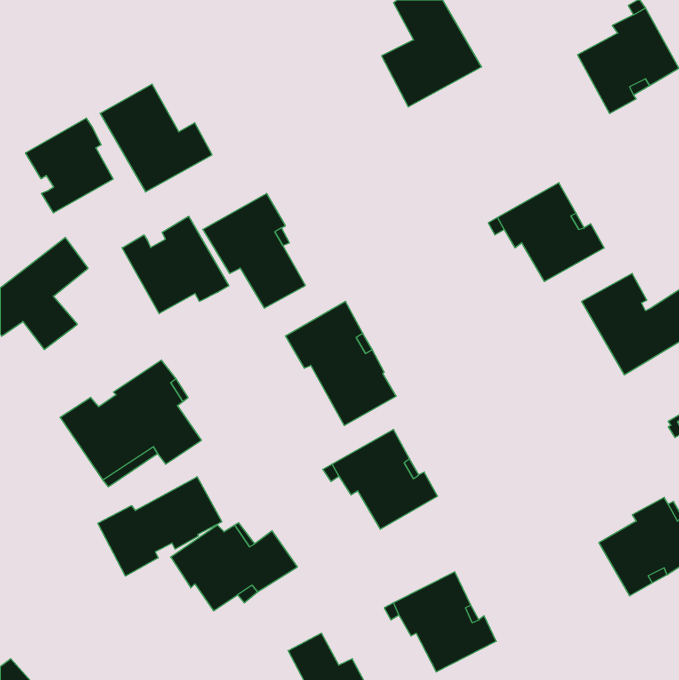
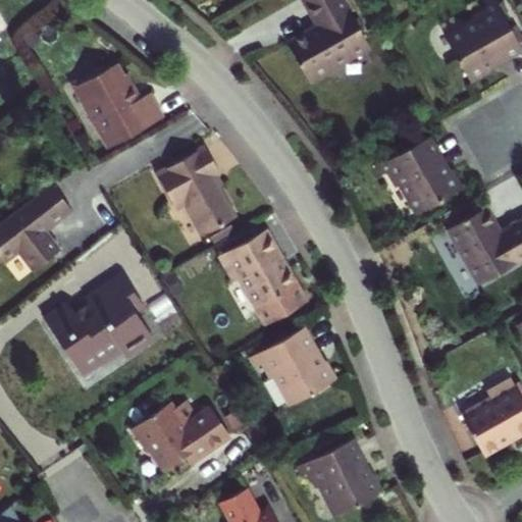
building: [26,118,113,213] -> none
building: [122,216,229,314] -> none
building: [98,477,222,576] -> none

